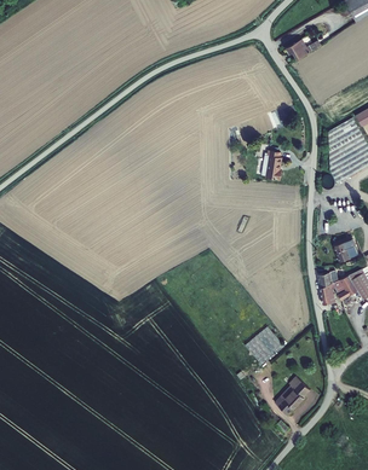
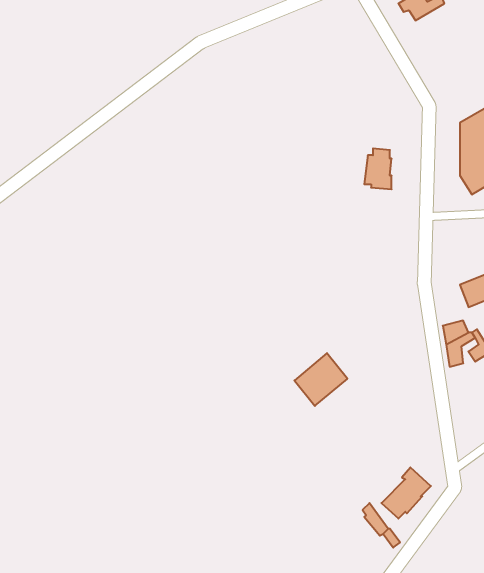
building: [243,327,281,365] -> [294,353,347,406]

